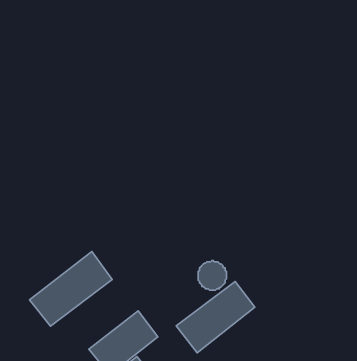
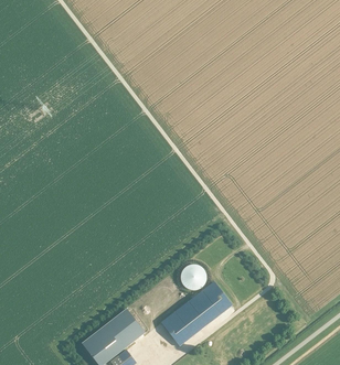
building: [30,252,112,326] -> none

